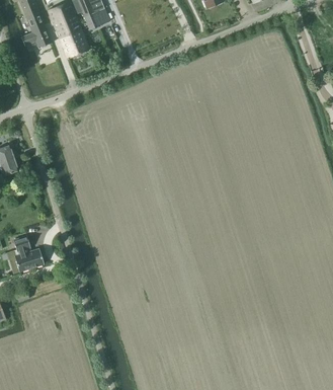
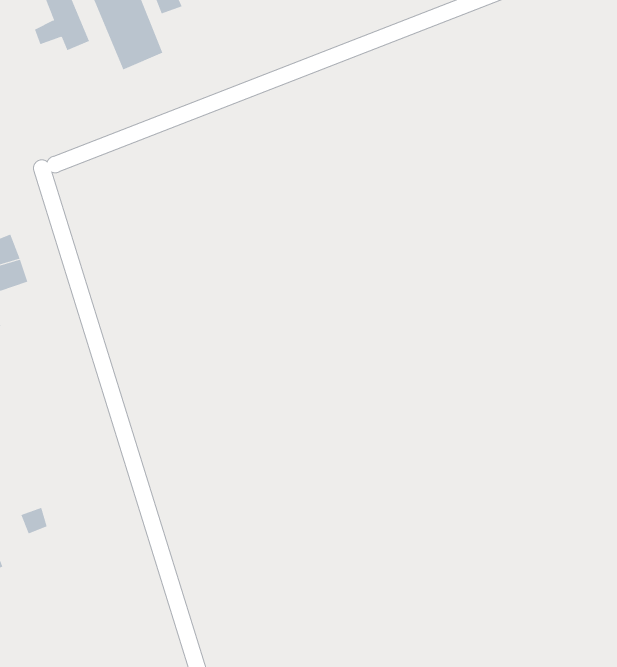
building: [13,235,44,271] -> none

